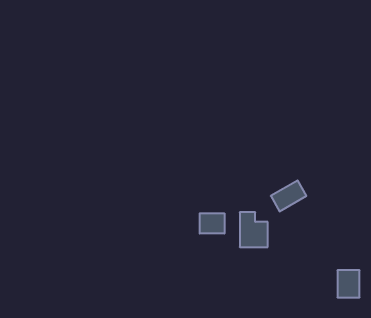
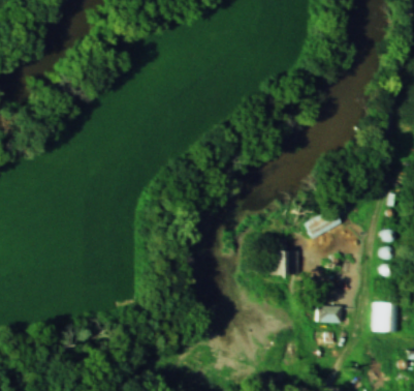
building: [200,213,224,234] -> none
building: none -> [316,305,340,323]

